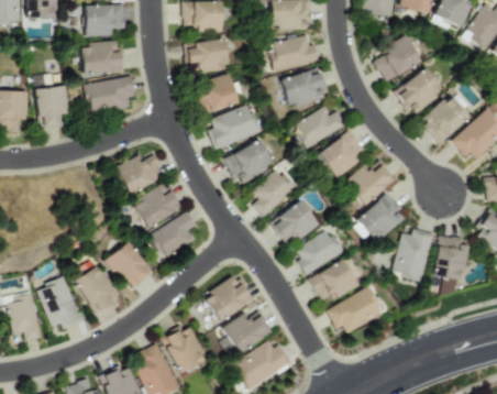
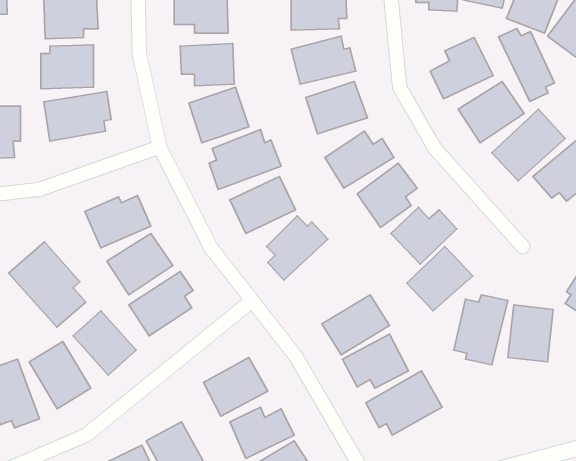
building: none -> [498,28,555,101]
building: none -> [9,242,86,327]
building: [272,200,319,243] -> none

